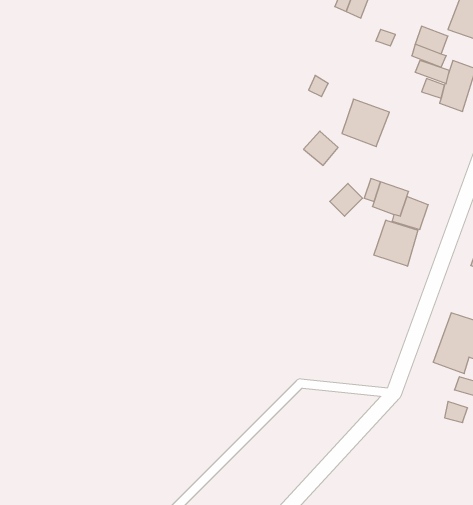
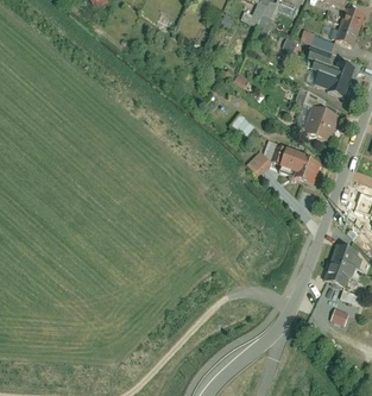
building: [342,99,389,147] -> [304,106,339,140]
building: [374,220,418,266] -> none

